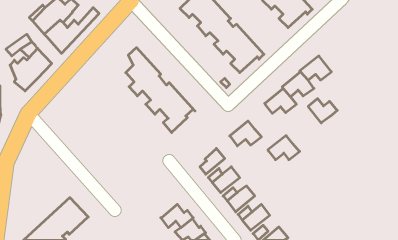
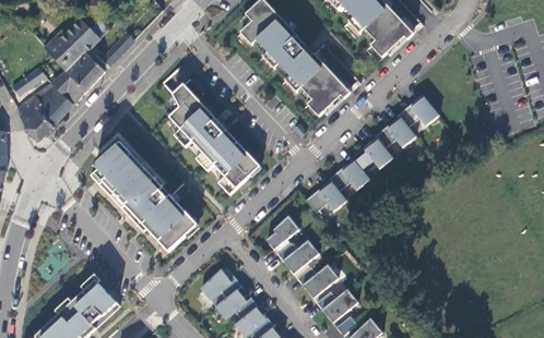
building: none -> [50,70,85,105]
building: none -> [91,142,198,252]
building: [308,99,337,123] -> none
building: [268,136,300,160] -> [329,159,370,191]
building: none -> [200,269,241,306]

